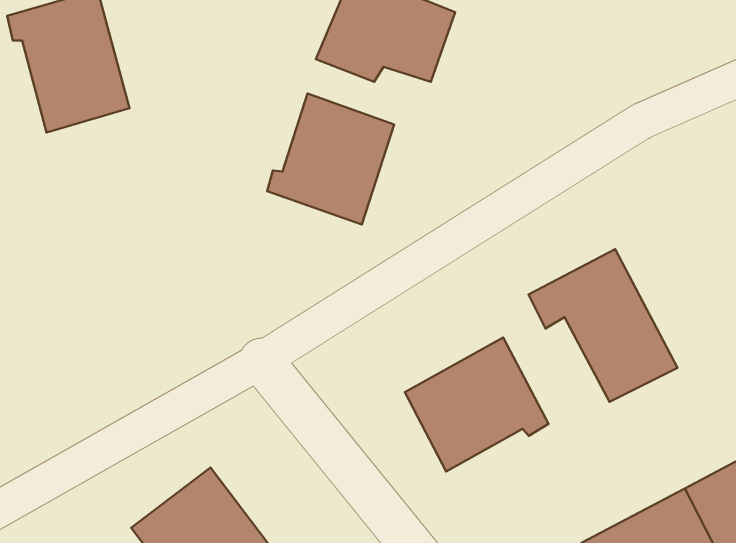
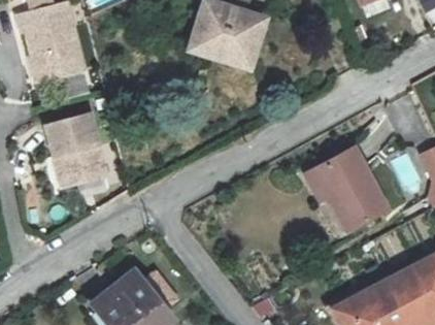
building: [267,94,394,224] -> none
building: none -> [44,115,106,188]
building: [405,338,549,471] -> none

